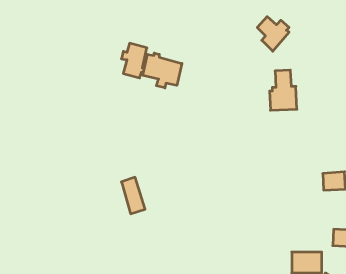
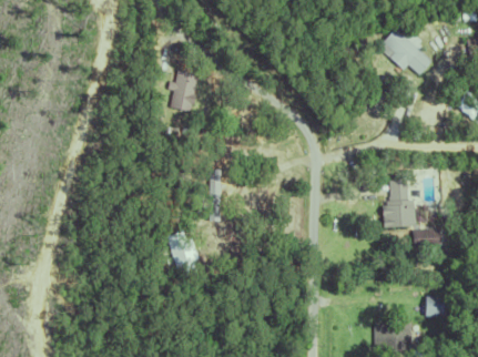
building: [257,17,289,51] -> [384,28,423,70]
building: [143,53,182,88] -> none
building: [270,70,297,110] -> [383,180,416,228]

